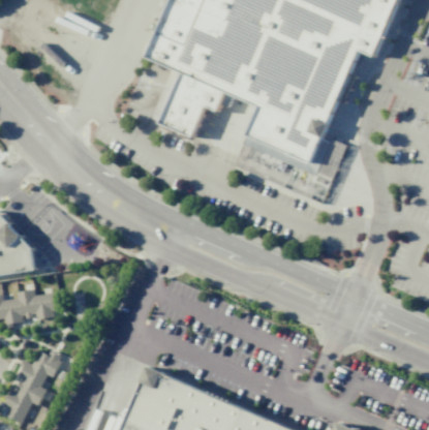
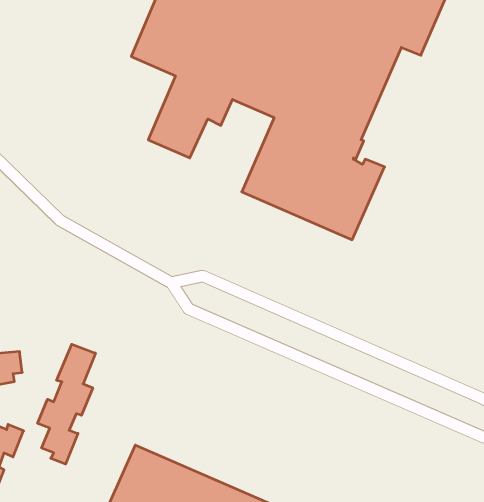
building: none -> [38,344,95,464]

